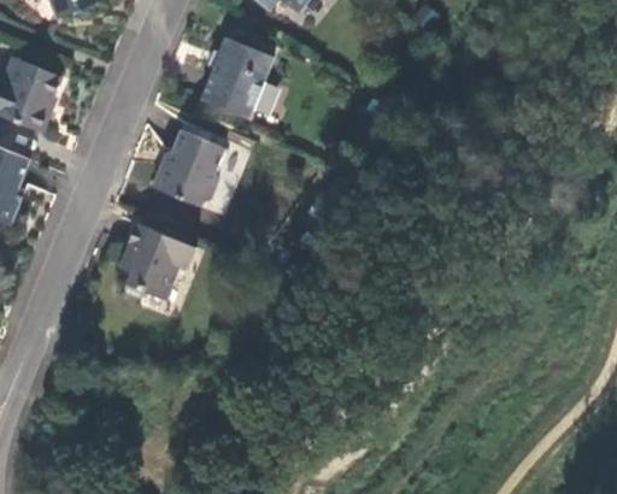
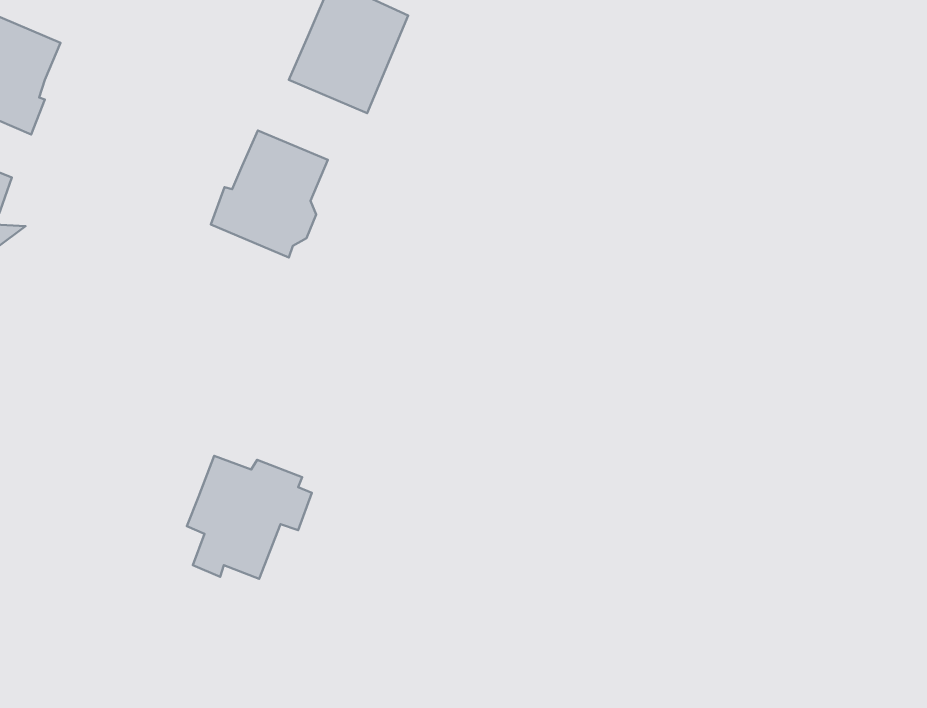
building: [119,222,196,298] -> [187,456,312,579]

